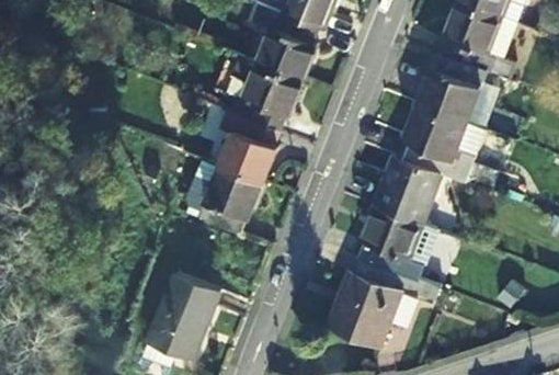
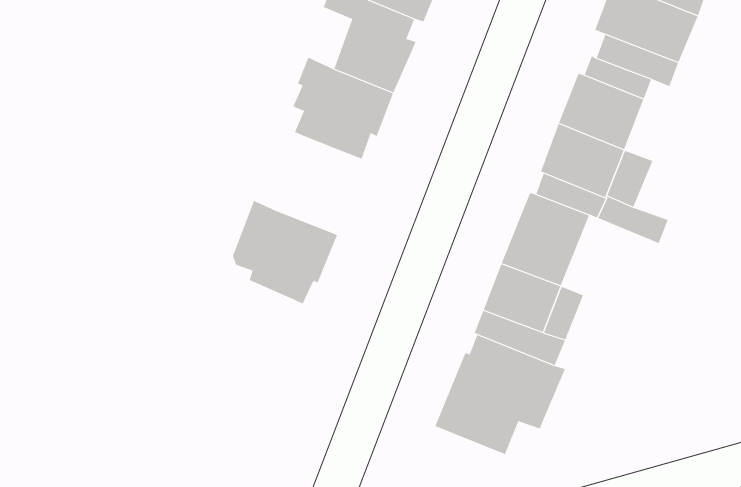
building: [193,102,276,184] -> none
building: [146,271,218,357] -> none

